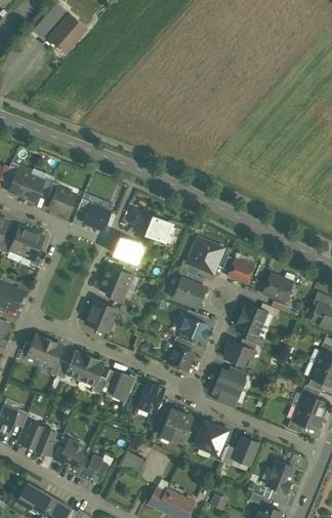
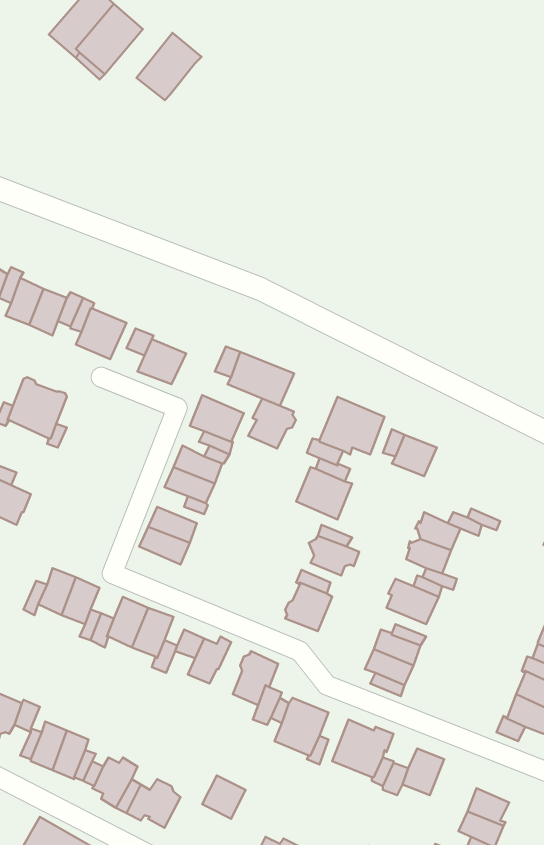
building: none -> [137,33,202,100]
building: none -> [248,399,296,448]
building: [262,273,292,302] -> none

